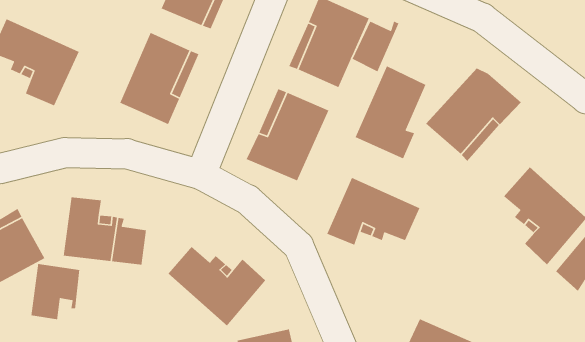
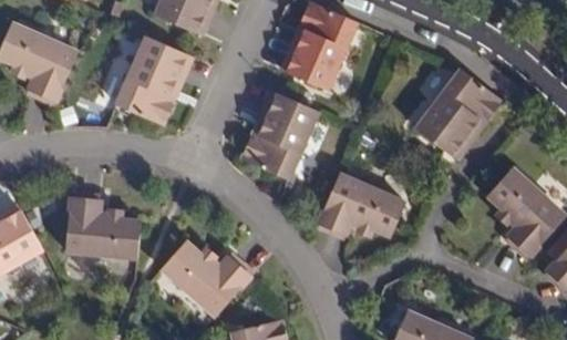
building: [352,20,400,73] -> none
building: [355,65,427,159] -> none
building: [31,263,80,320] -> none

